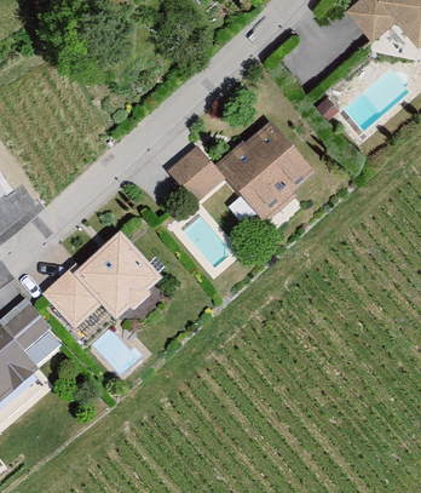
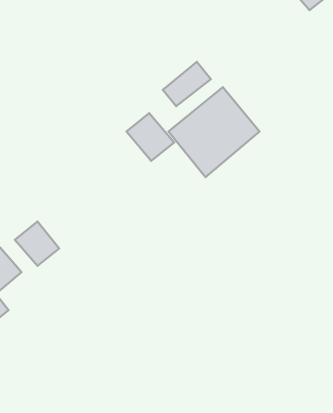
building: none -> [163,62,211,106]
building: [75,239,156,320] -> none

